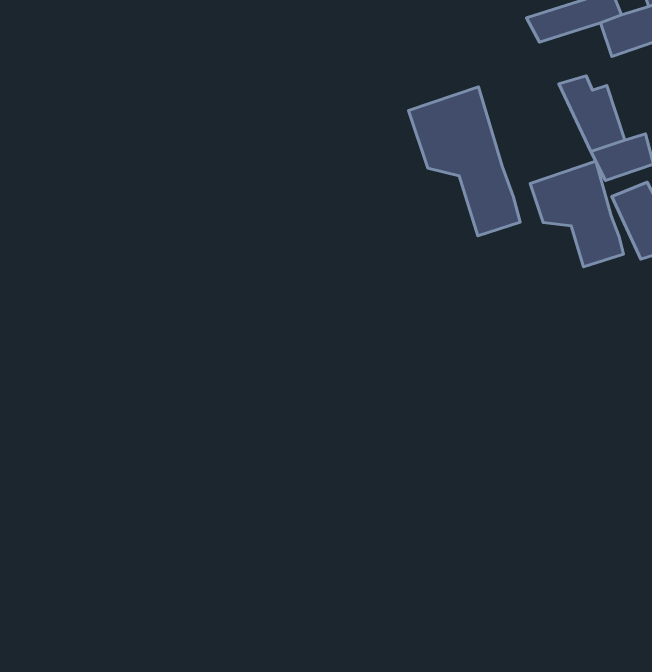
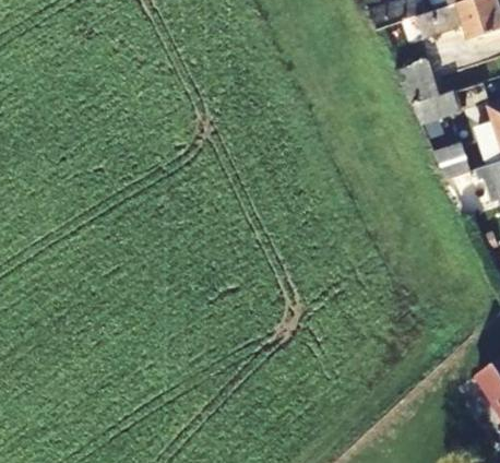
building: [409,87,520,236] -> none
building: [530,161,623,267] -> none

